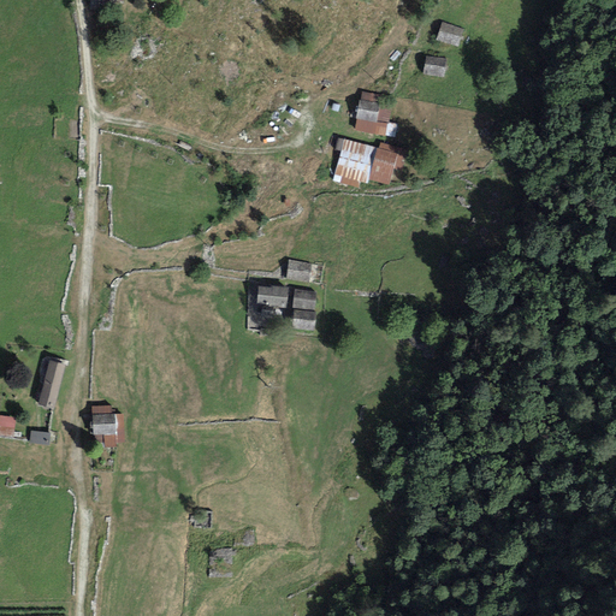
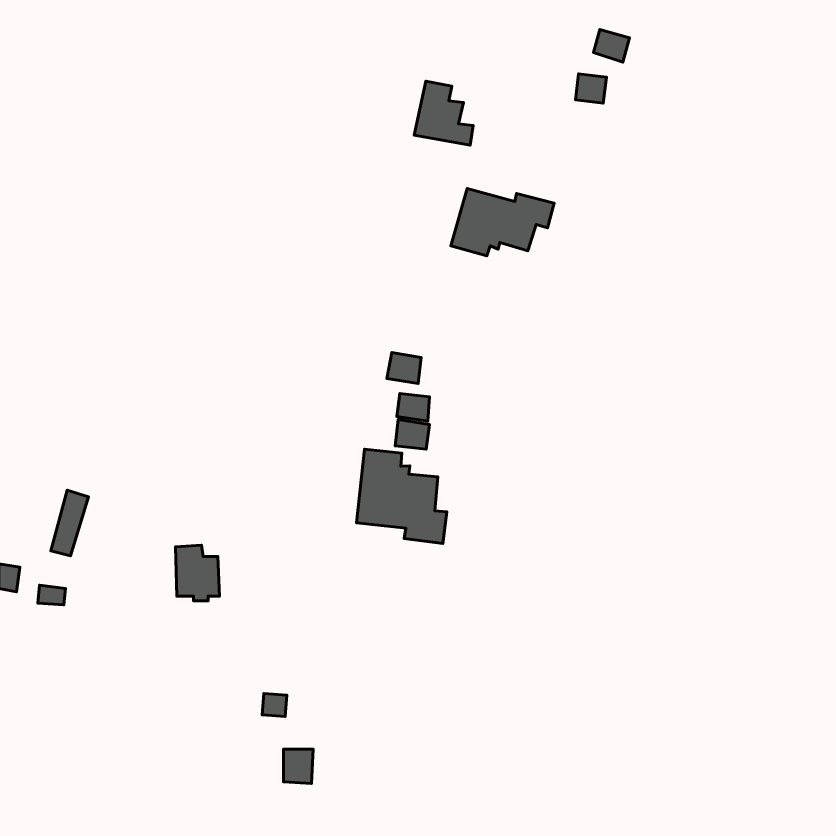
building: [353,89,396,136] -> [414,81,473,145]
building: [255,284,290,308] -> none
building: none -> [357,449,447,543]
building: [90,404,123,445] -> [175,545,220,601]

